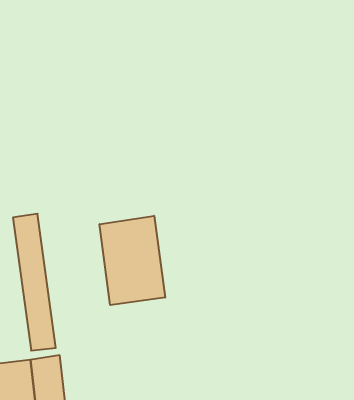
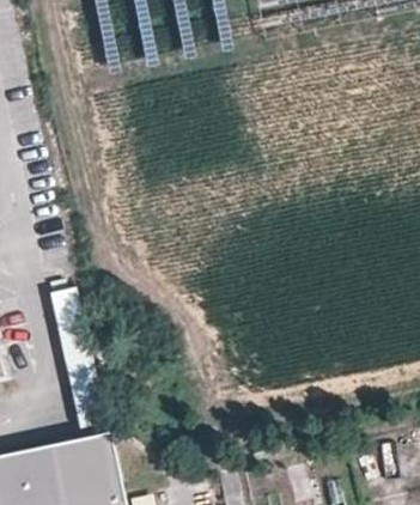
building: [100,216,165,305] -> none

